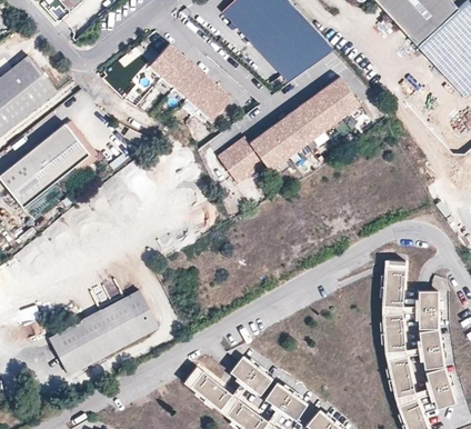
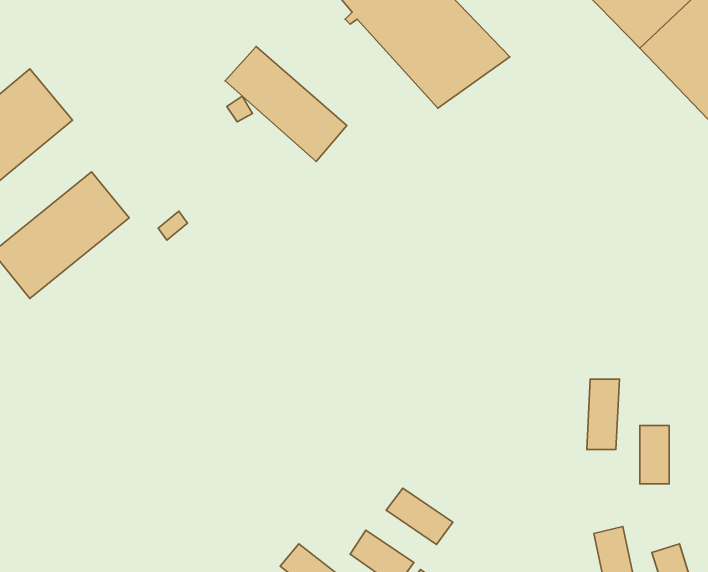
building: [213,79,359,182] -> none
building: [50,287,158,376] -> none
building: [384,313,405,351] -> none
building: [419,328,444,369] -> none
building: none -> [386,488,453,544]

